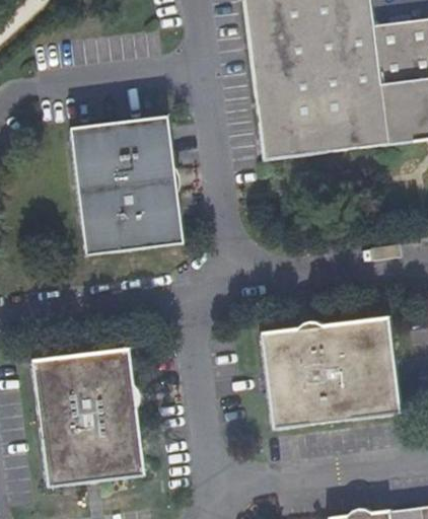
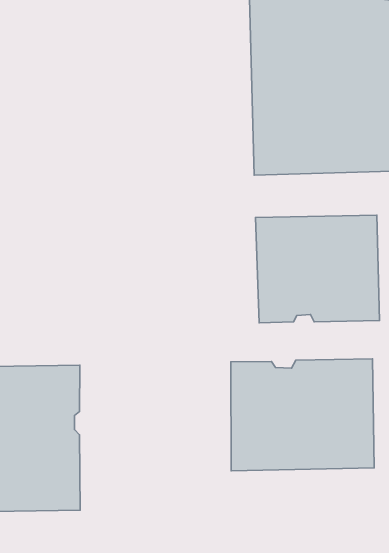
building: [73,114,183,251] -> none
building: none -> [256,215,379,323]

